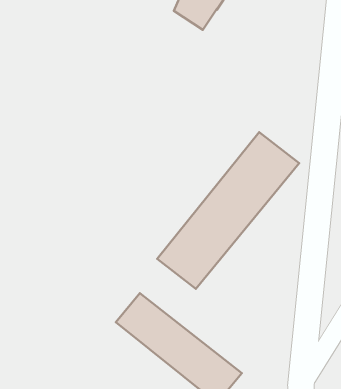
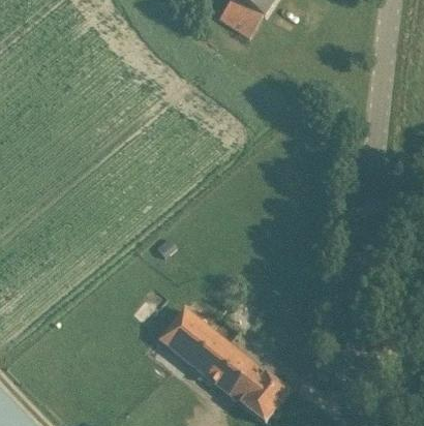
building: [157,132,299,289] -> none

